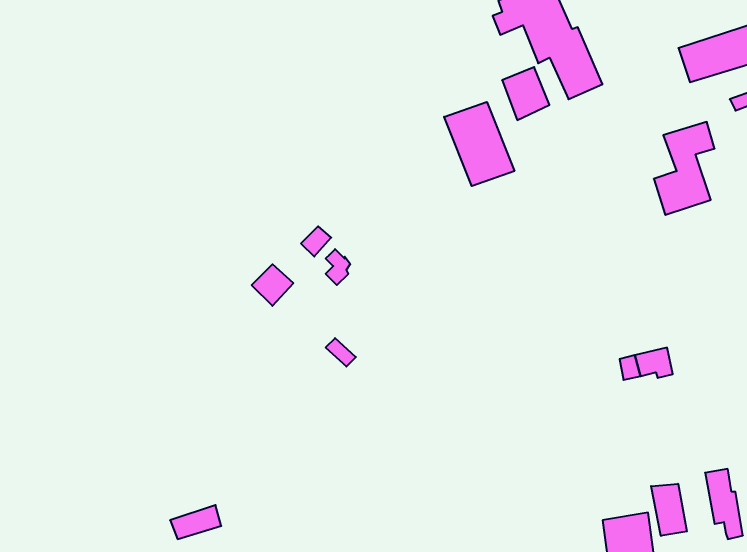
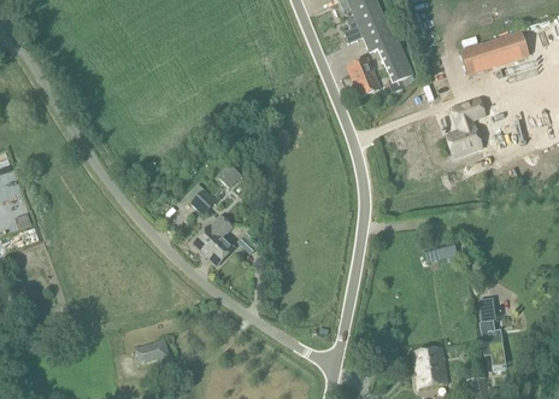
building: [444,102,514,186] -> none
building: none -> [193,216,234,264]
building: [651,484,687,536] -> none

